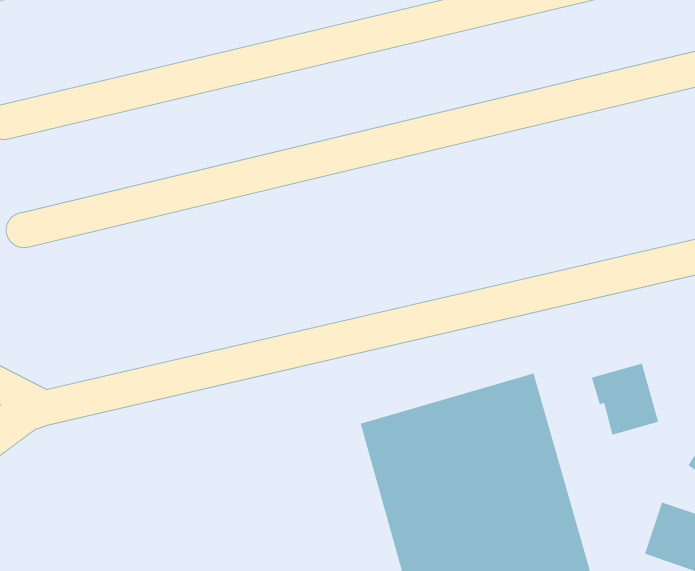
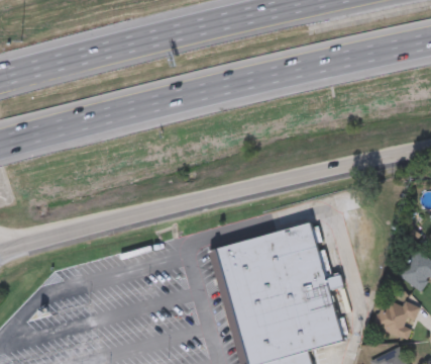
building: [591,363,659,435] -> none

